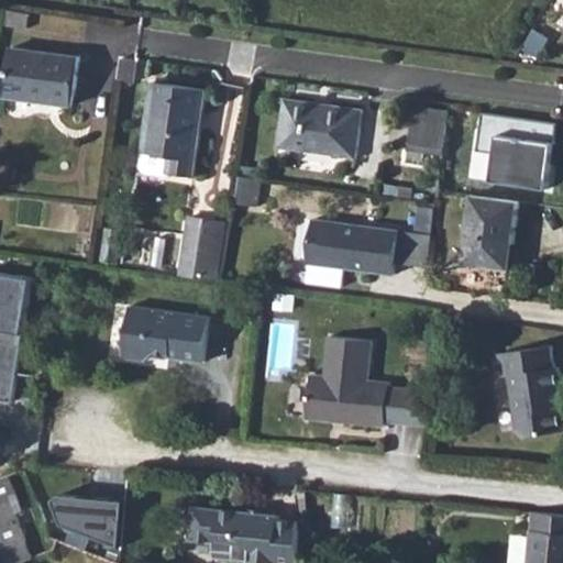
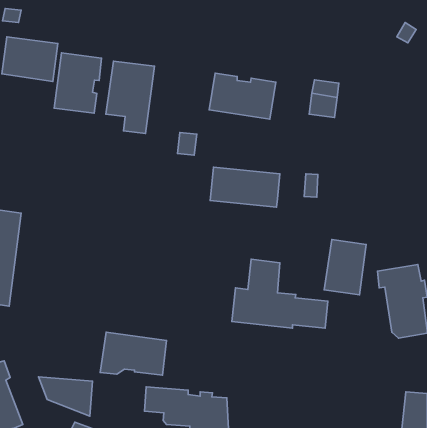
building: none -> [54,53,102,113]
building: [475,115,554,187] -> none
building: [460,197,515,269] -> [324,240,366,295]
building: [183,218,217,275] -> none
building: [363,229,399,265] -> none
building: [121,306,208,362] -> [100,332,167,375]

